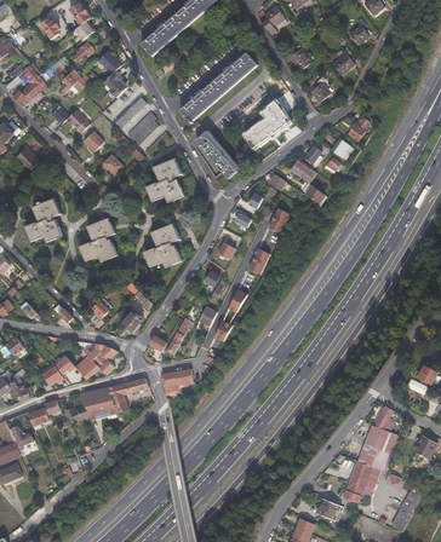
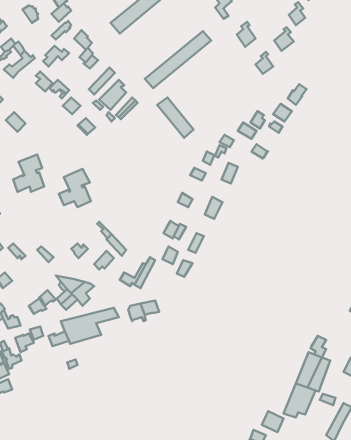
building: [240,98,290,148] -> none
building: [143,155,179,198] -> none
building: [142,225,179,271] -> none

